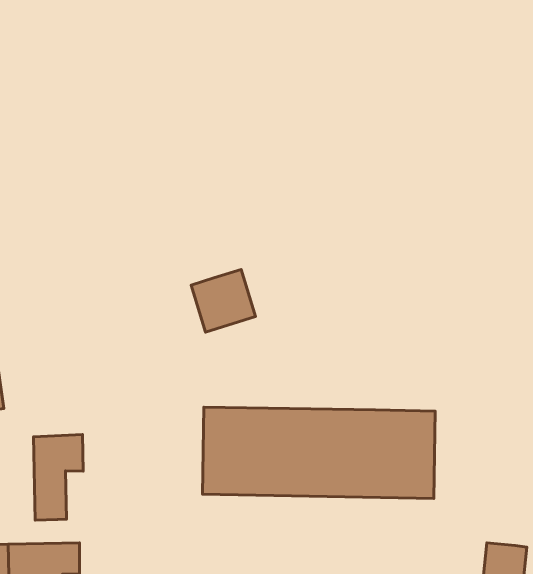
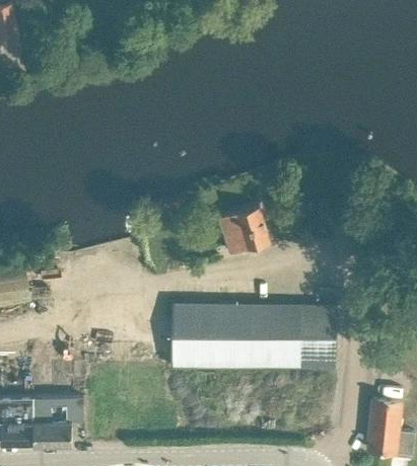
building: [191,269,255,332] -> [222,208,268,252]
building: [33,435,83,520] -> none

